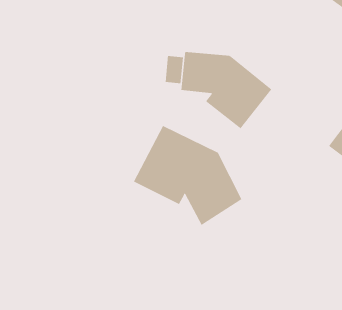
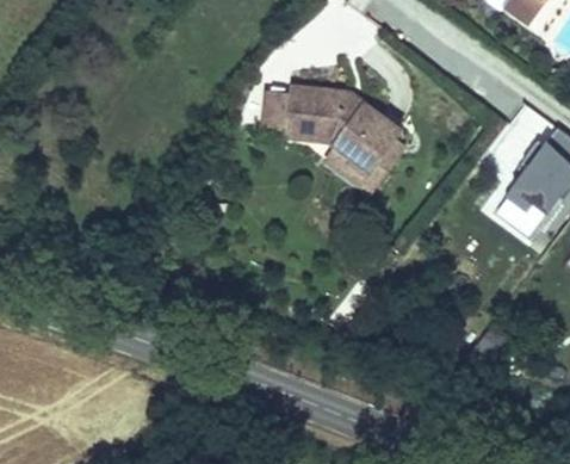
building: [133,125,242,226] -> none

